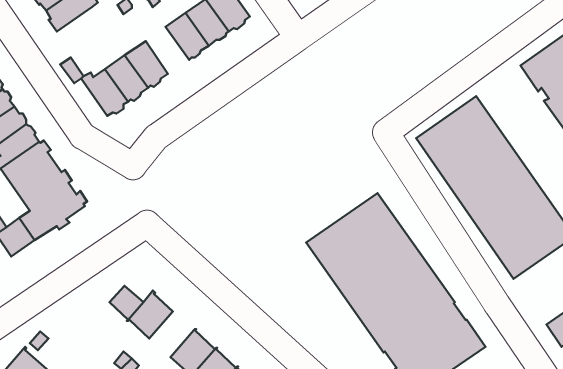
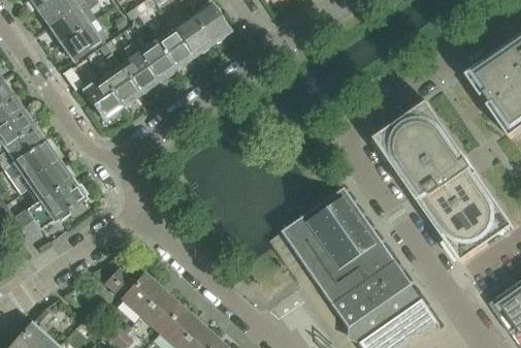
building: none -> [60,23,103,61]
building: none -> [138,40,176,82]
building: none -> [141,290,181,331]

